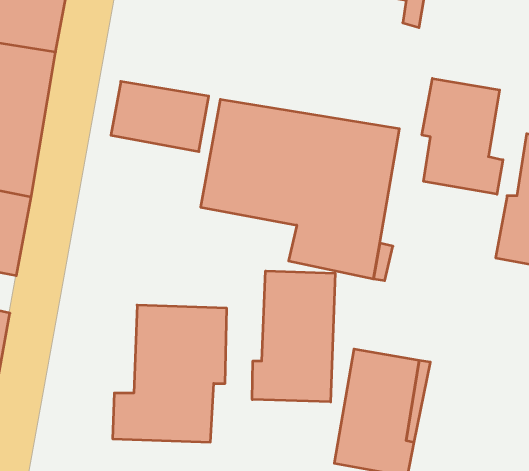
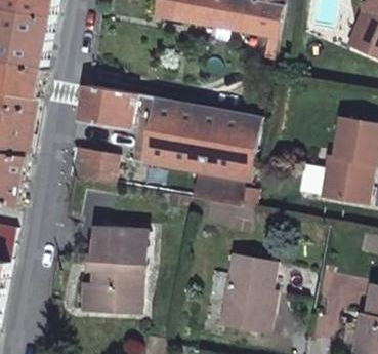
building: [422,78,503,194] -> none
building: none -> [68,147,117,184]
building: [252,271,335,402] -> none

